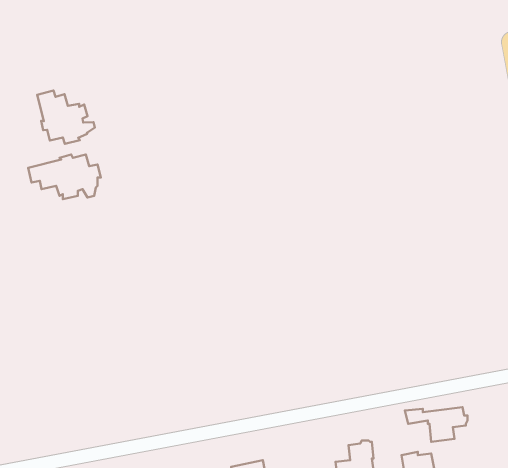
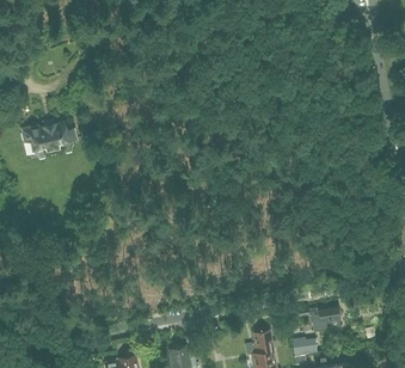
building: [37,90,95,144] -> none

